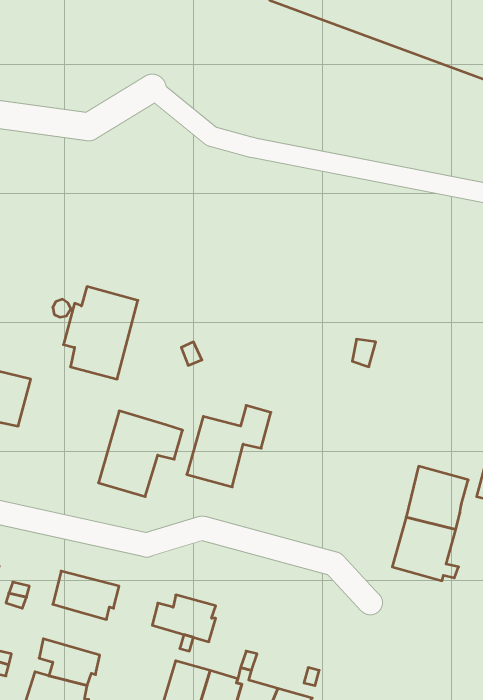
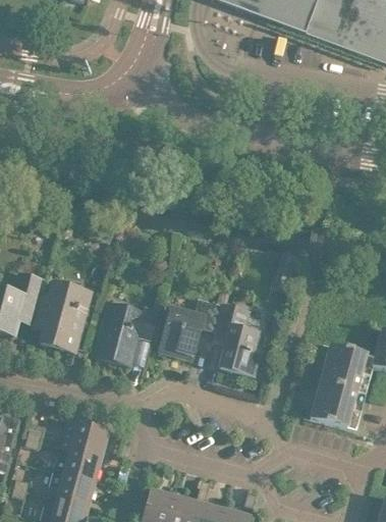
building: [63,287,138,379] -> [35,282,90,351]
building: none -> [213,305,260,377]
building: [152,595,216,642] -> [53,450,100,484]

